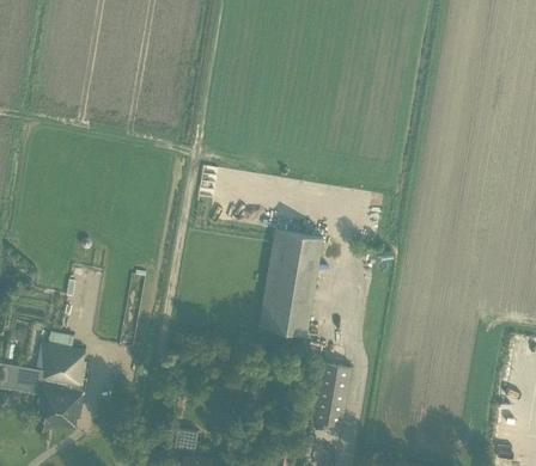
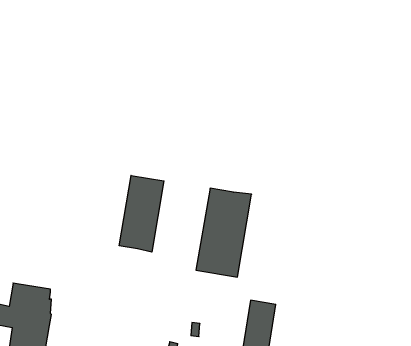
building: none -> [119,175,164,252]

